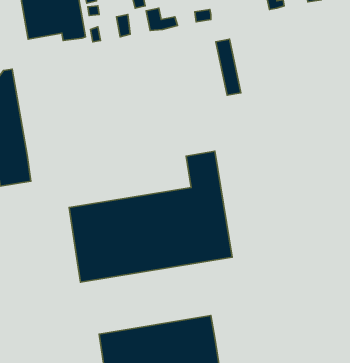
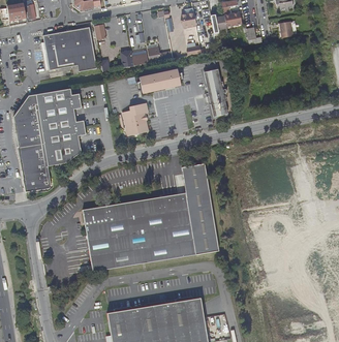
building: none -> [136,69,181,92]
building: none -> [35,88,85,165]
building: none -> [121,102,148,134]

